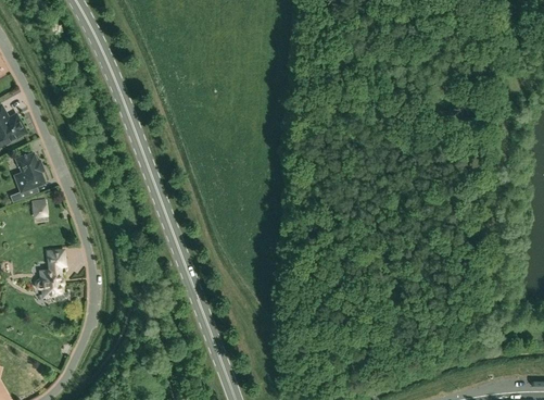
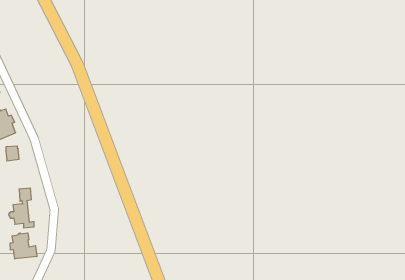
building: none -> [10,233,37,259]

